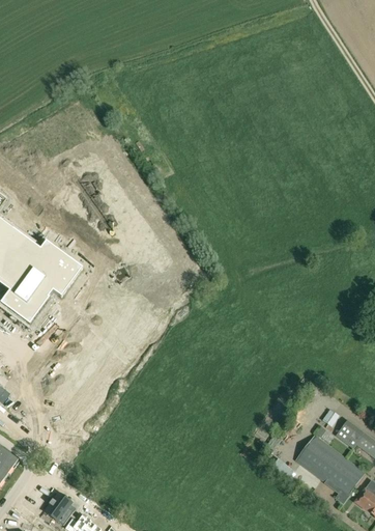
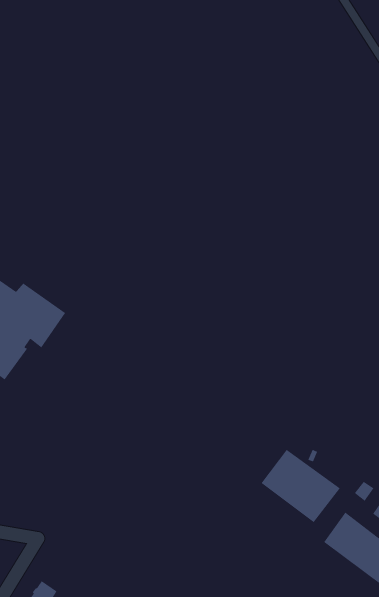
building: none -> [261,449,341,523]

